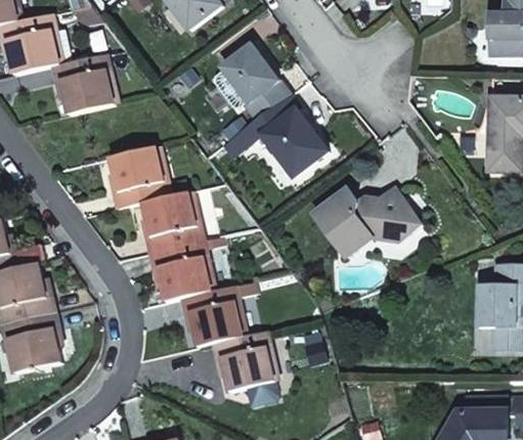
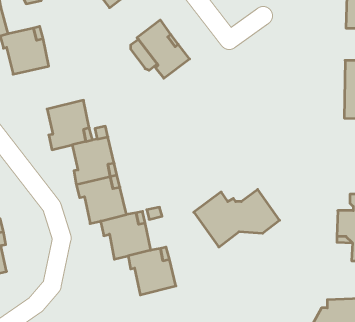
building: [237,94,326,175] -> none
building: [312,185,421,258] -> [194,189,280,247]

